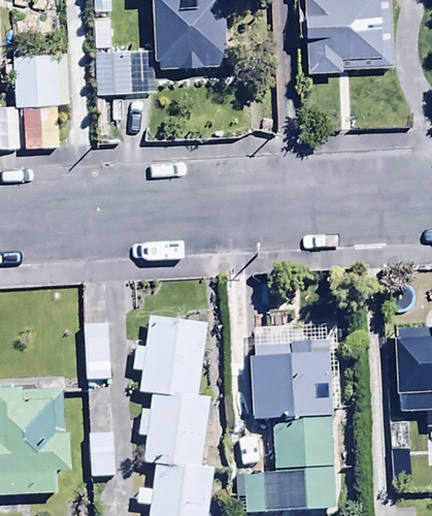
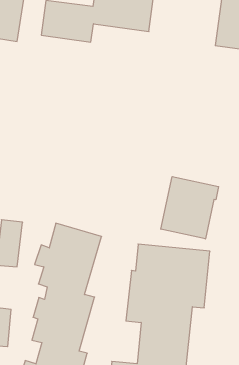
building: none -> [161,177,219,239]

